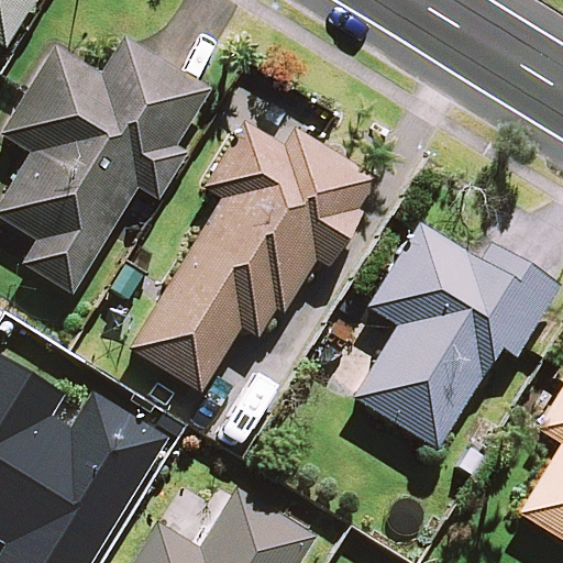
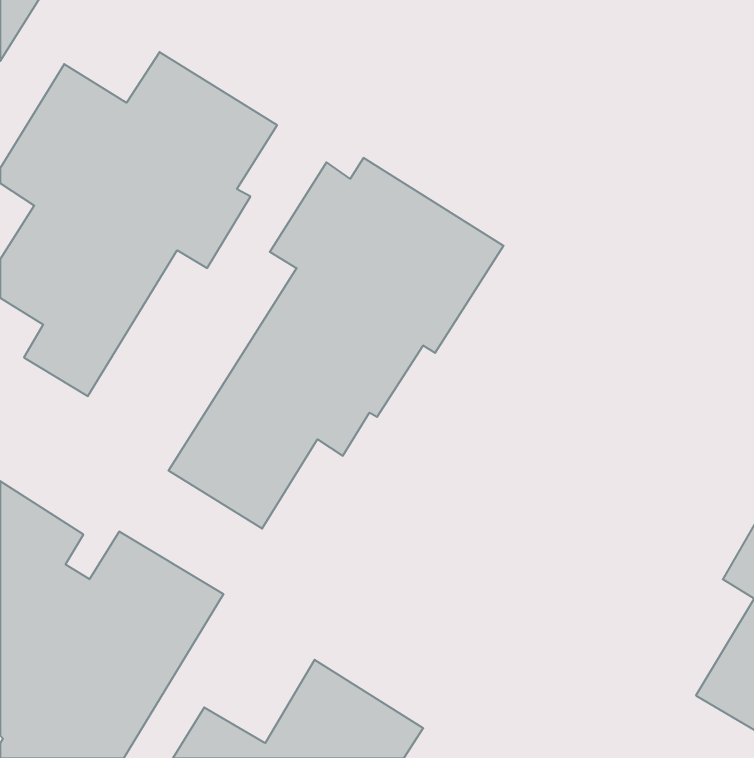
building: [354,224,556,448] -> none

